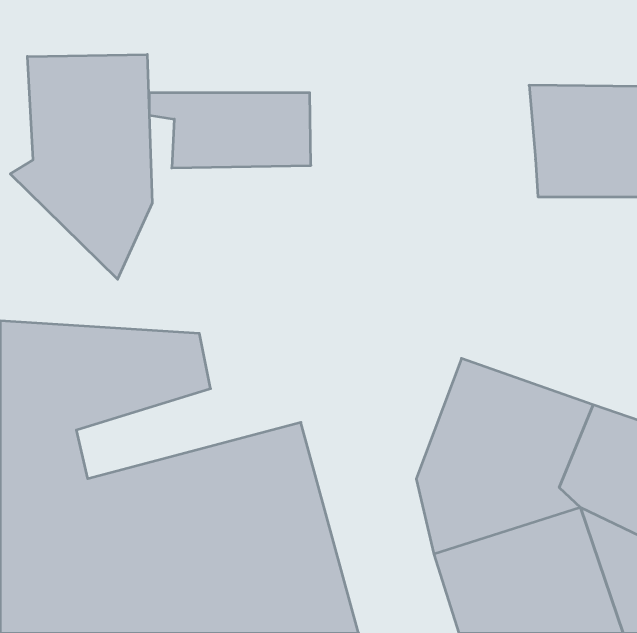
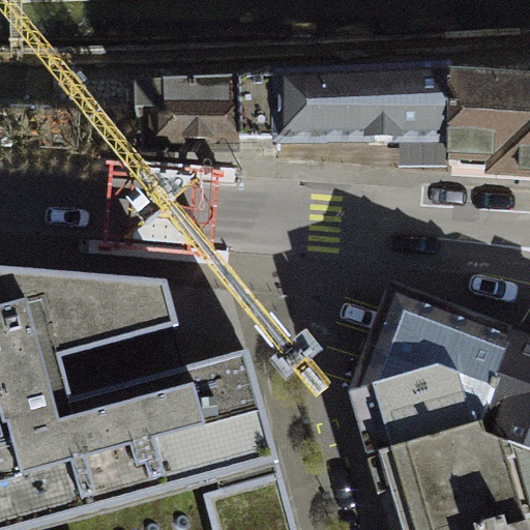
building: [10,54,152,279] -> none
building: none -> [259,70,445,137]

